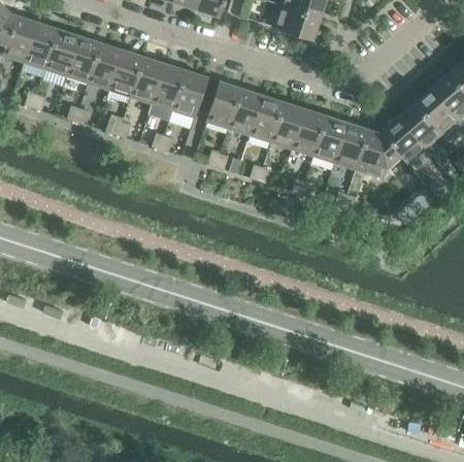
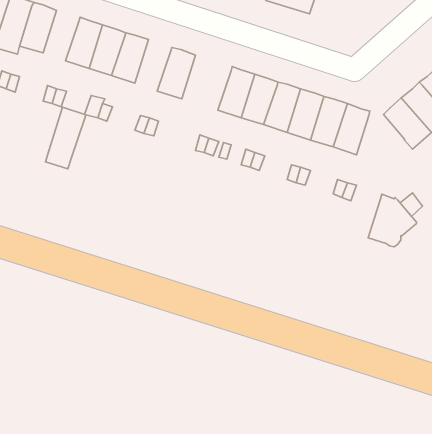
building: [67,36,101,82] -> none
building: [148,63,186,120] -> [46,107,86,169]
building: [206,80,241,128] -> none
building: [356,129,400,177] -> [368,194,416,247]

